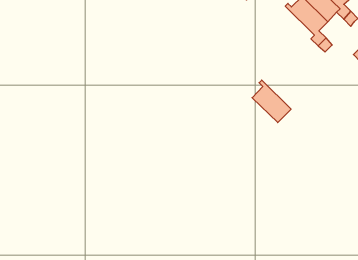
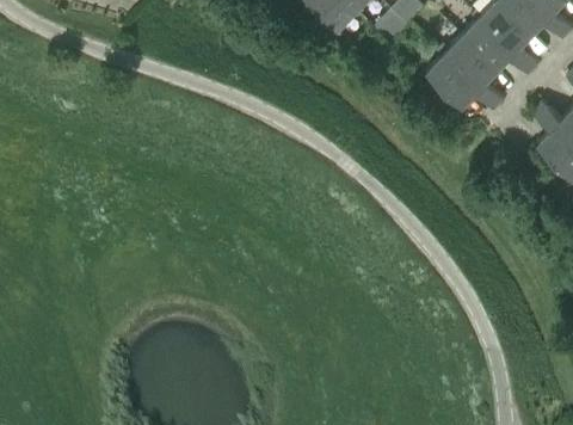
building: [252,80,291,123] -> [427,48,480,105]

